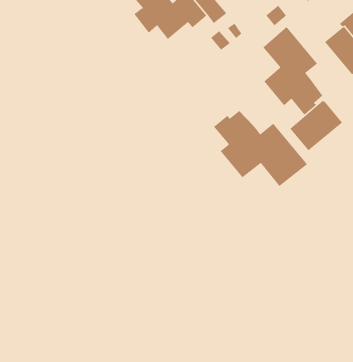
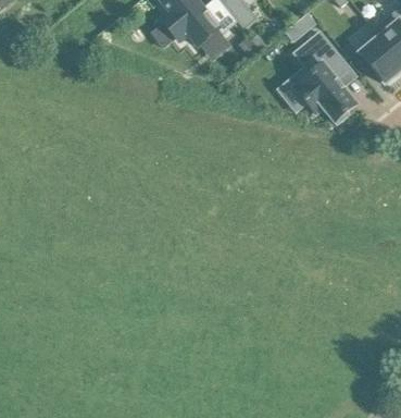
building: [290,100,343,151] -> none
building: [213,110,308,187] -> none

